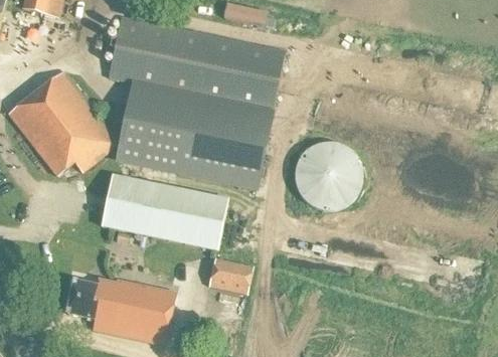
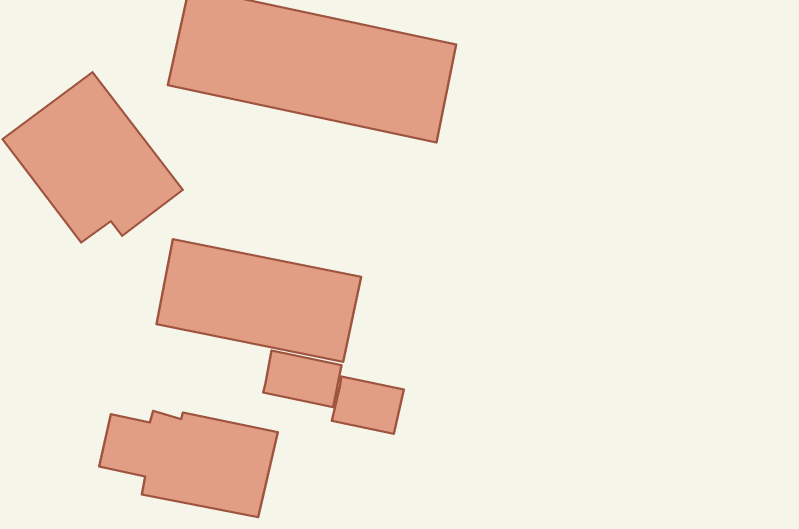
building: [117,85,271,186] -> none
building: [294,144,362,212] -> none
building: none -> [263,350,341,407]

